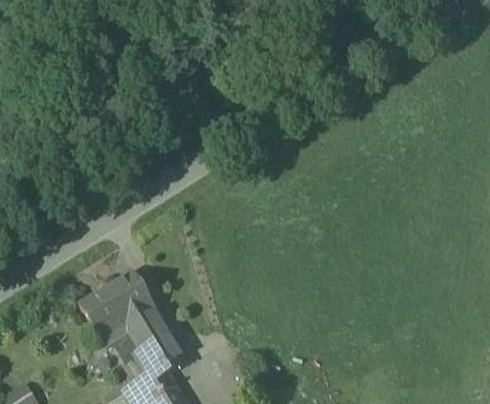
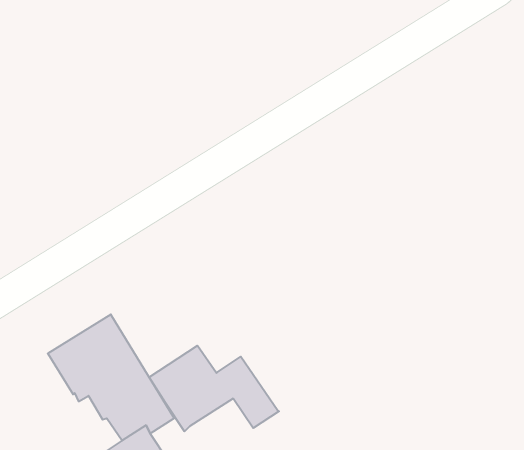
building: none -> [149,346,279,431]

